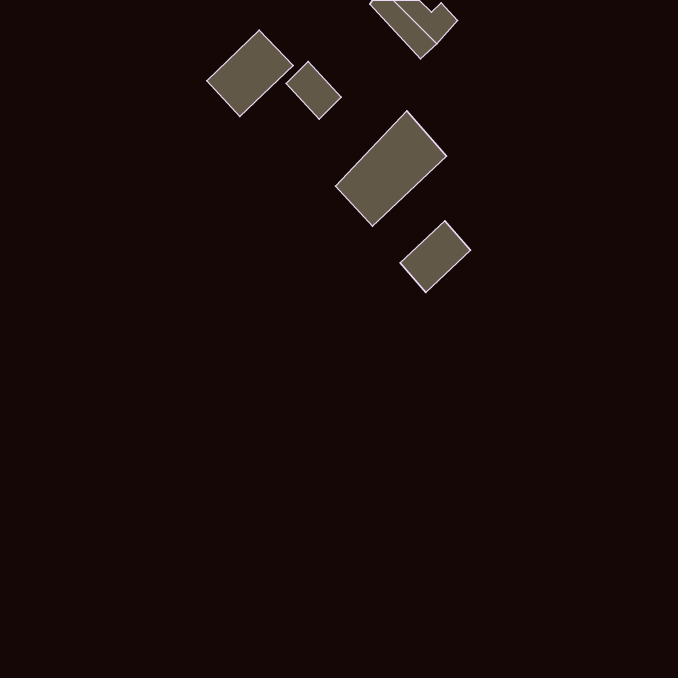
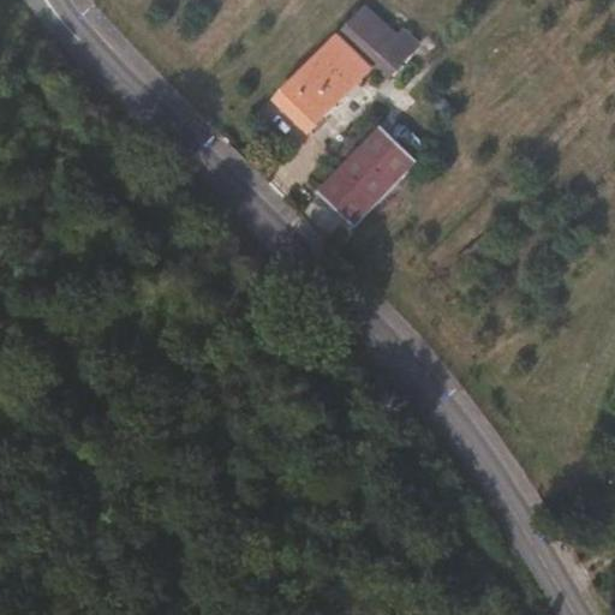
building: [207,30,293,116] -> [289,29,365,105]
building: [400,221,470,292] -> none

